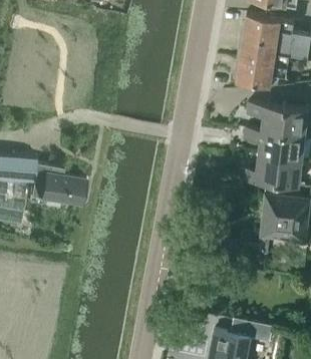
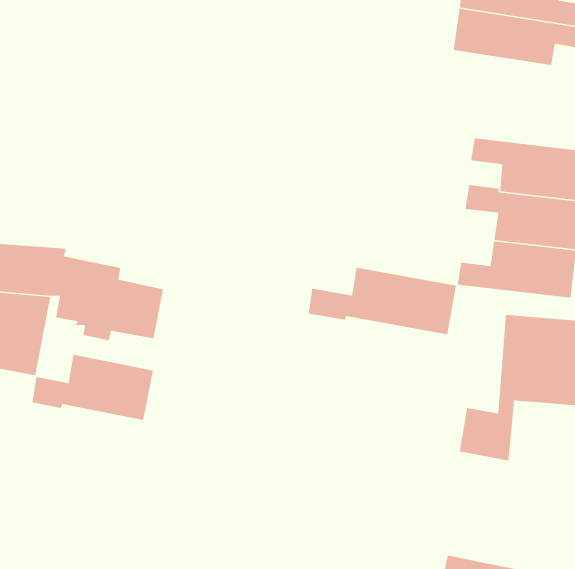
building: [234,56,288,85] -> none
building: none -> [308,267,457,335]
building: none -> [31,354,154,421]

